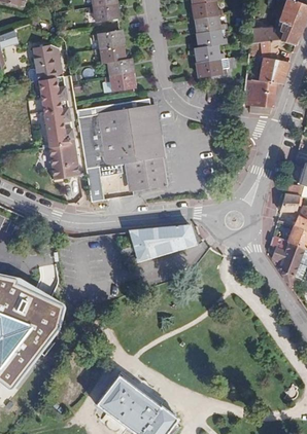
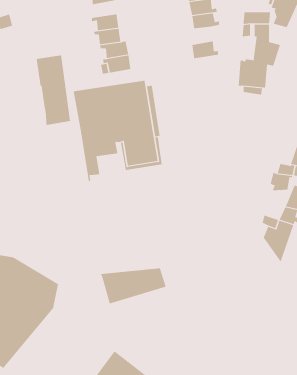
building: [34,43,65,76] -> none
building: [195,43,224,62] -> none
building: [48,140,80,178] -> none
building: [129,223,197,260] -> [100,268,166,304]

